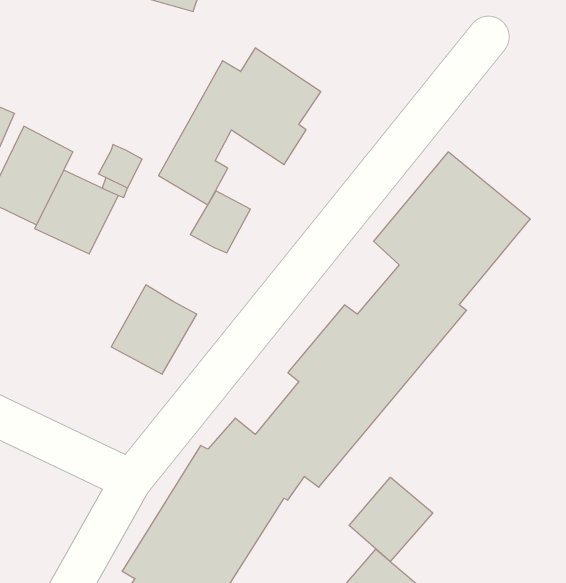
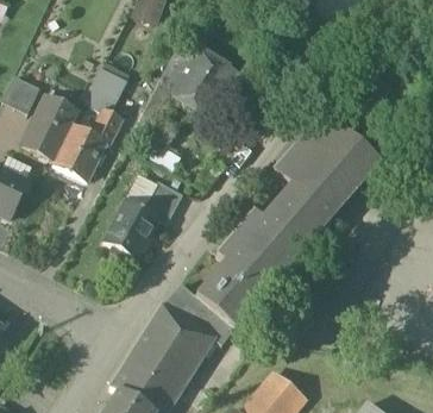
building: none -> [83,67,127,111]
building: [190,191,250,253] -> [143,181,182,221]
building: [349,477,433,562] -> none

